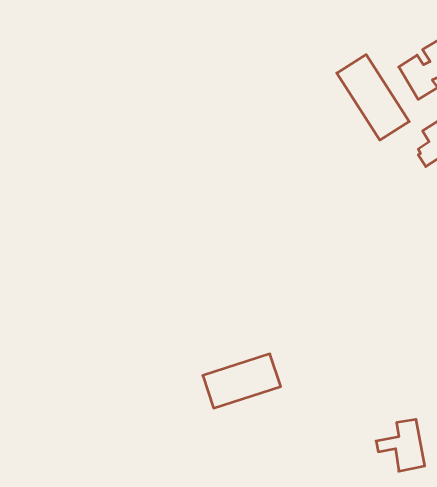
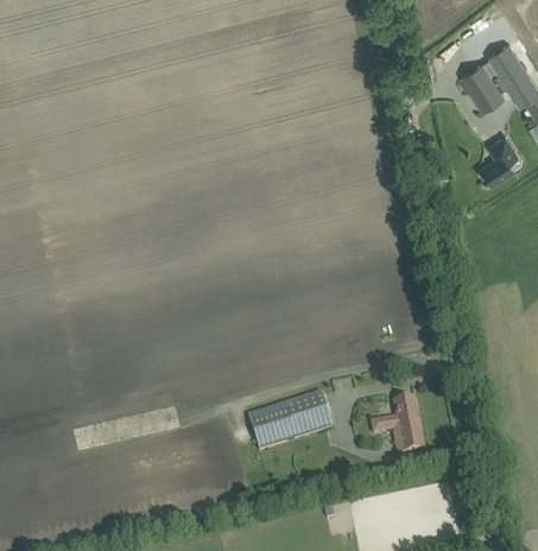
building: [337,55,409,140] -> none
building: [376,419,425,471] -> [369,395,423,452]

